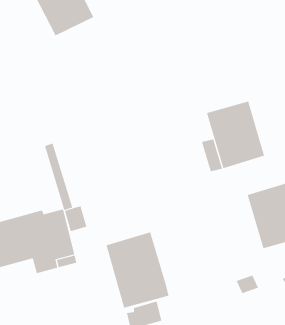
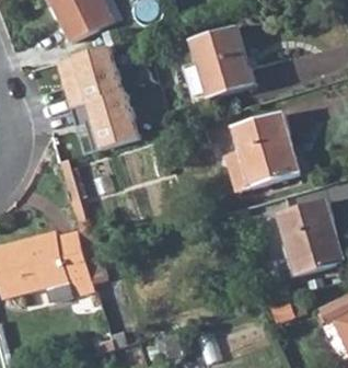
building: none -> [183,27,252,101]
building: none -> [55,36,138,140]
building: [106,231,169,309] -> none

